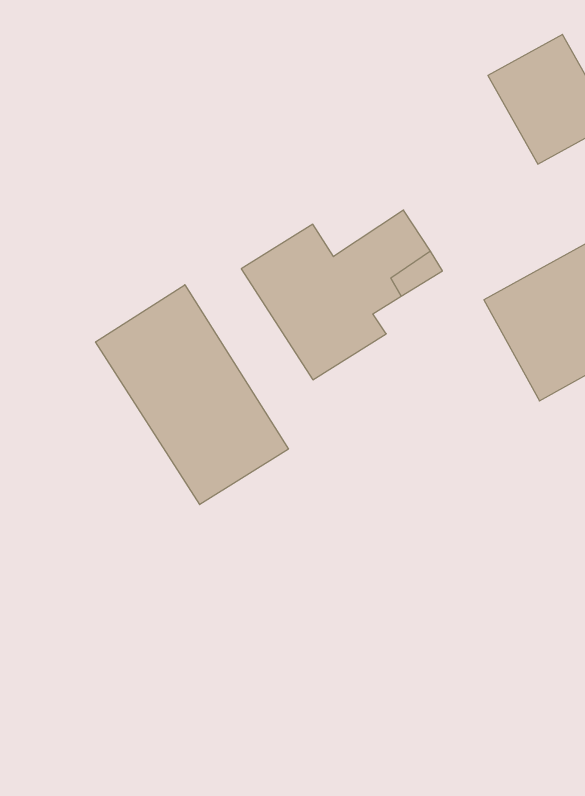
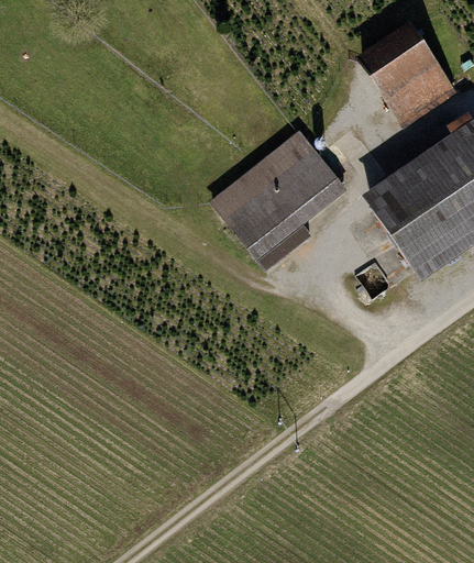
building: none -> [257,131,316,186]
building: [96,285,288,505] -> none

